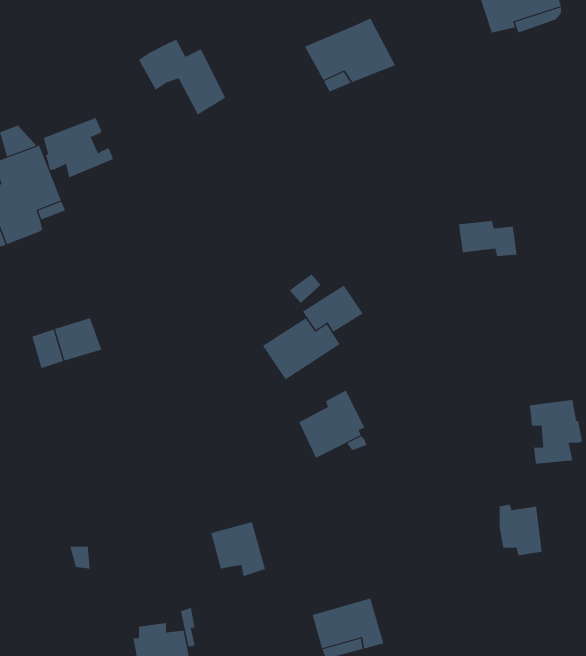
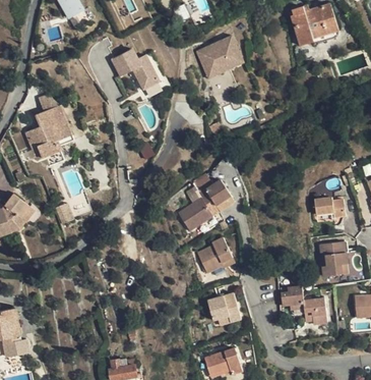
building: [43,117,114,178] -> none
building: [458,220,517,257] -> [314,197,346,216]
building: none -> [281,285,304,310]
building: [210,521,266,577] -> [208,293,238,323]

